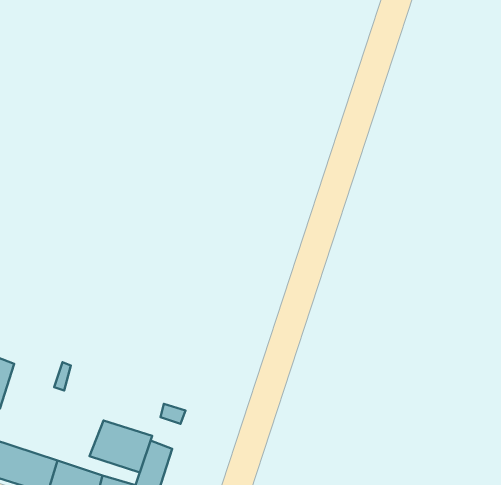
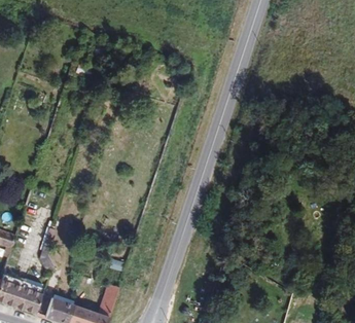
building: [90,421,152,472] -> none

